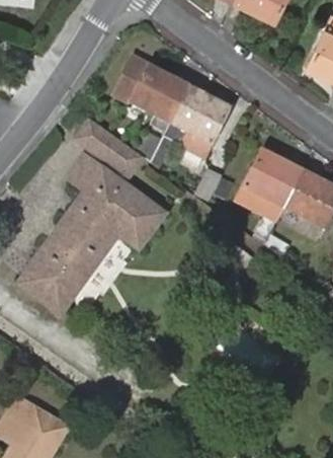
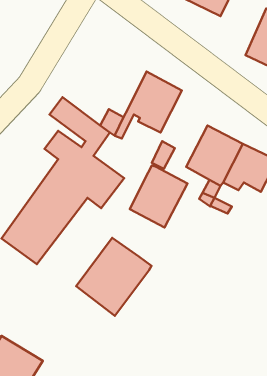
building: [112,57,189,131] -> none
building: none -> [130,165,187,227]
building: none -> [76,238,151,316]

